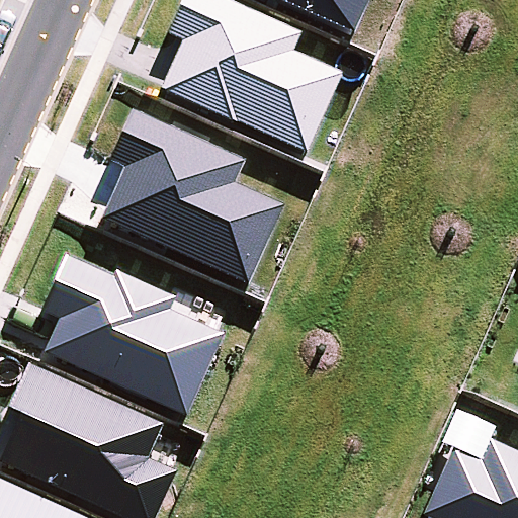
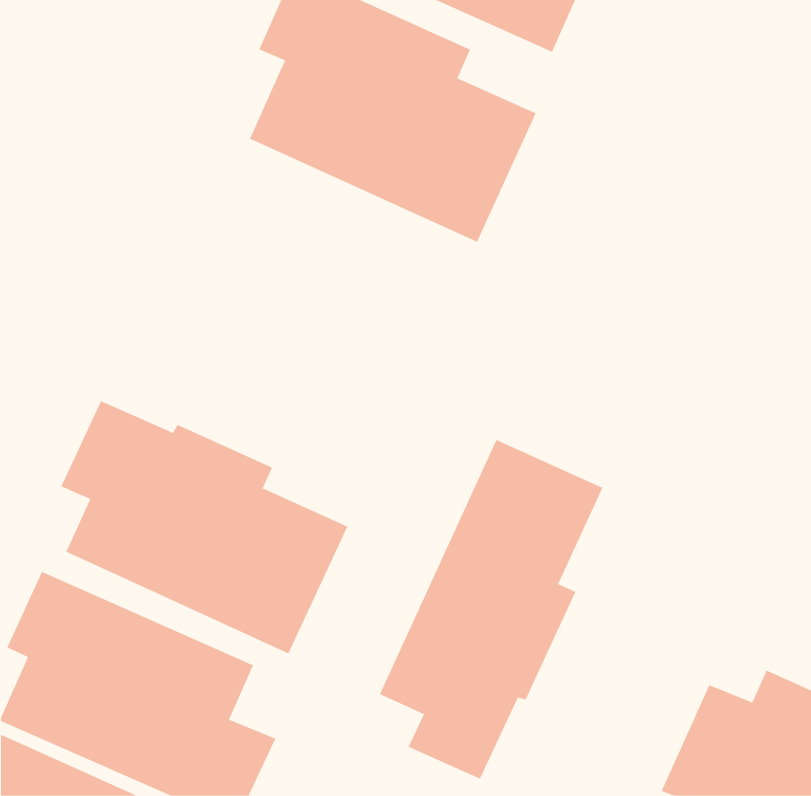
building: [102,107,284,282] -> none
building: none -> [379,439,603,780]

